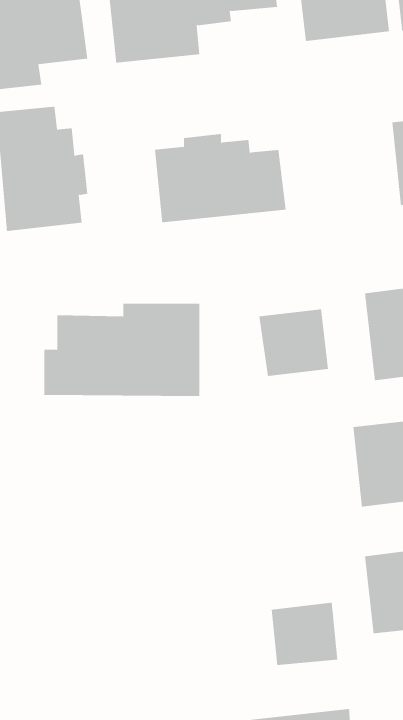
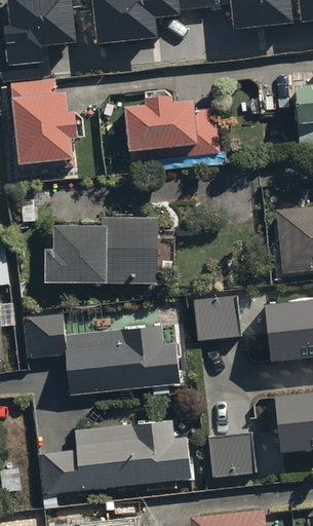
building: [258,309,329,376] -> [191,293,241,341]
building: none -> [24,312,180,393]
building: none -> [38,418,190,494]

